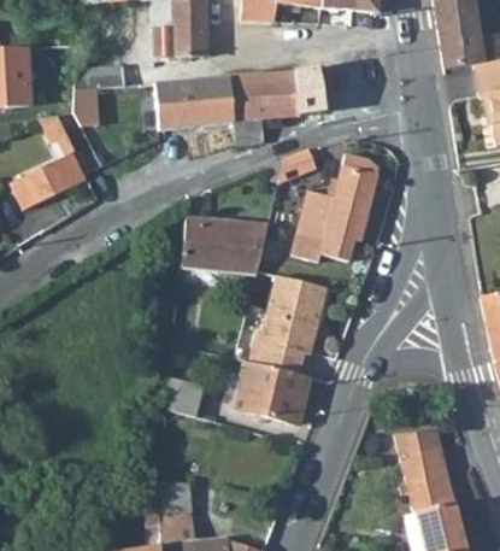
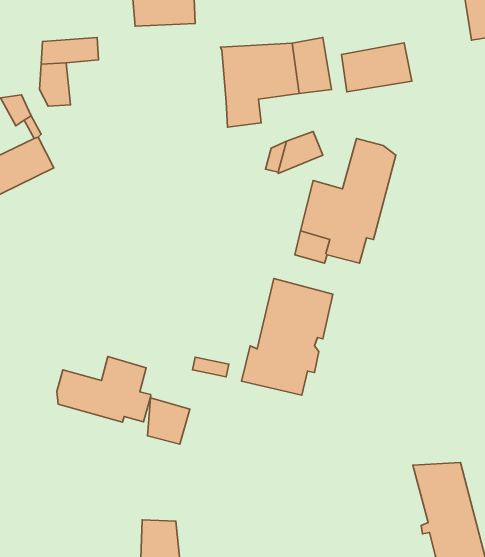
building: none -> [342,43,412,92]
building: [154,77,234,129] -> none
building: [182,217,267,274] -> none
building: none -> [57,356,151,422]
building: [233,361,310,423] -> none

